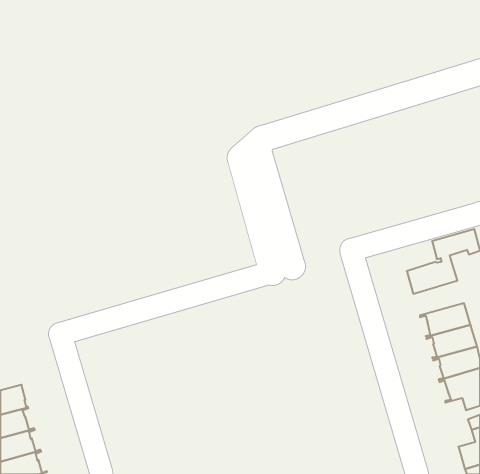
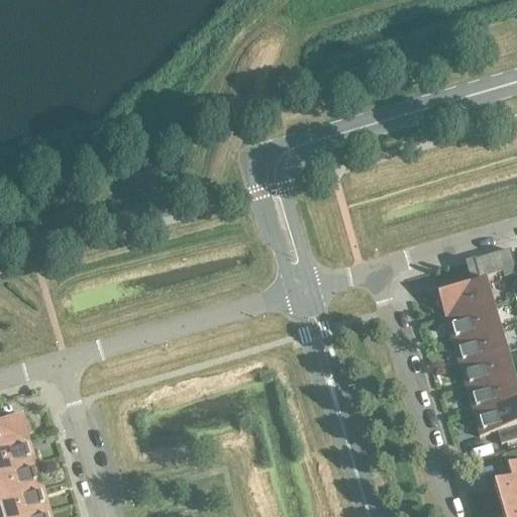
building: none -> [444,302,499,339]

